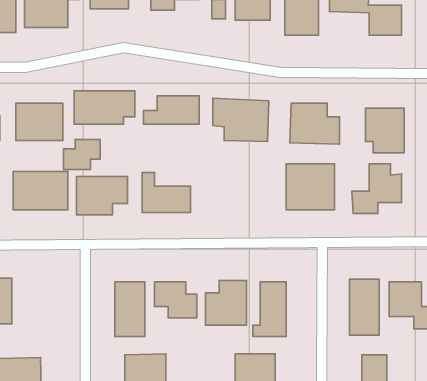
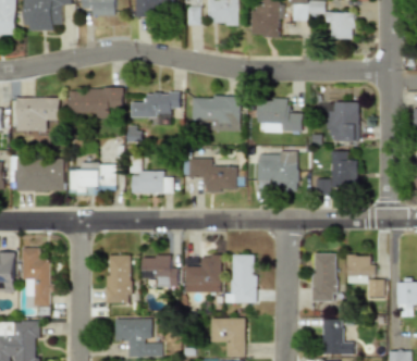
building: [63,140,100,169] -> none
building: none -> [188,159,235,191]
building: none -> [22,247,53,307]

